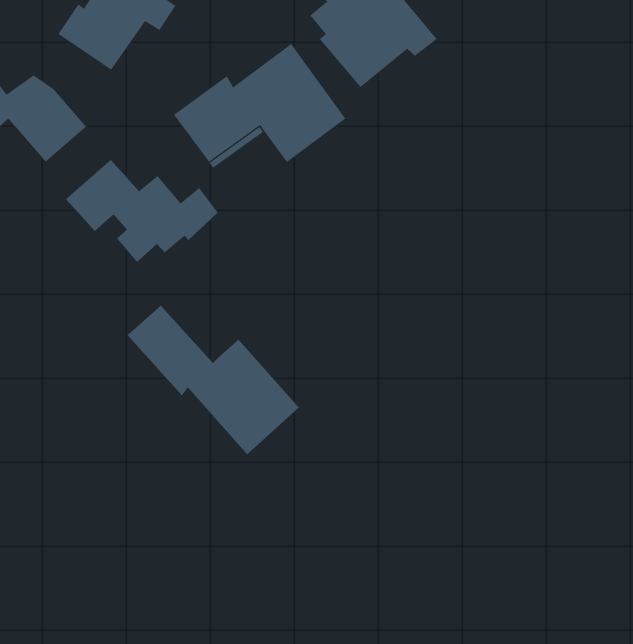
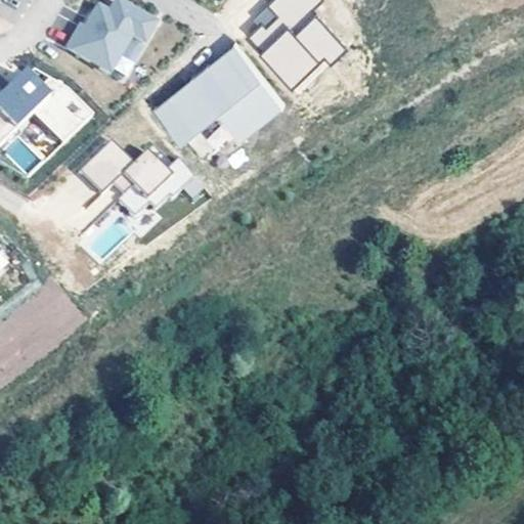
building: [127,305,299,455] -> none

